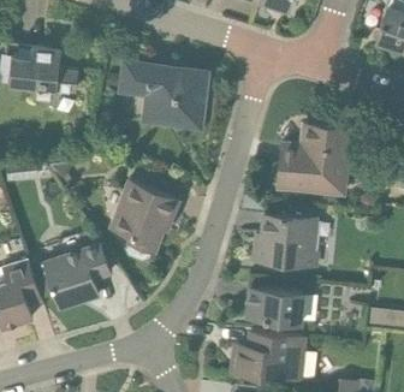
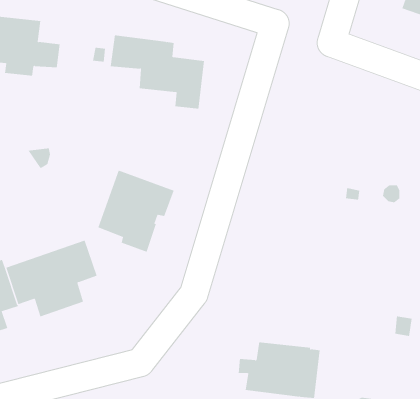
building: [278,124,349,195] -> none
building: [254,213,319,267] -> none
building: [246,286,305,323] -> none

